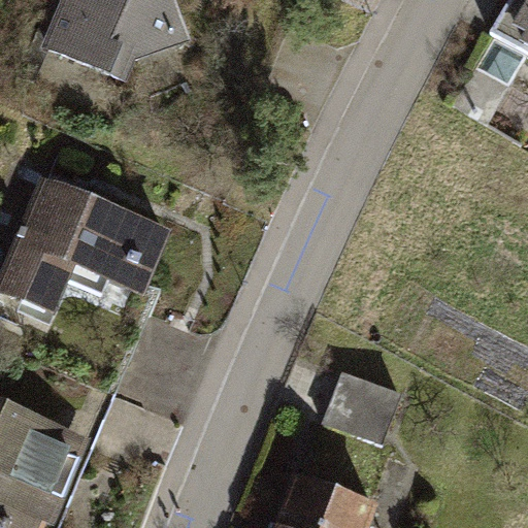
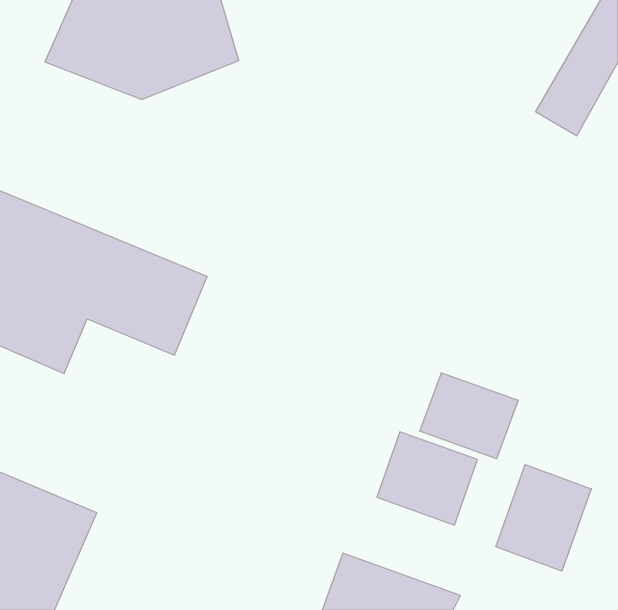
building: none -> [420,373,518,459]
building: none -> [496,464,591,571]

